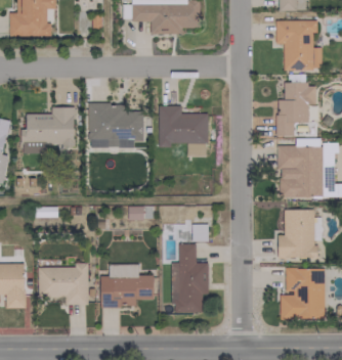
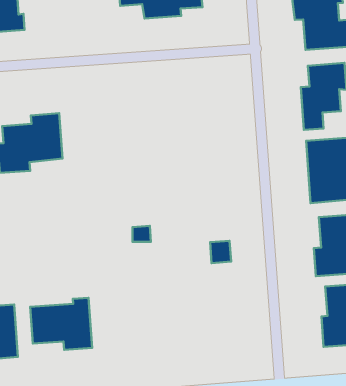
building: [89,103,144,148] -> none
building: [159,105,208,156] -> none
building: [173,243,209,313] -> none
building: [101,265,154,307] -> none

